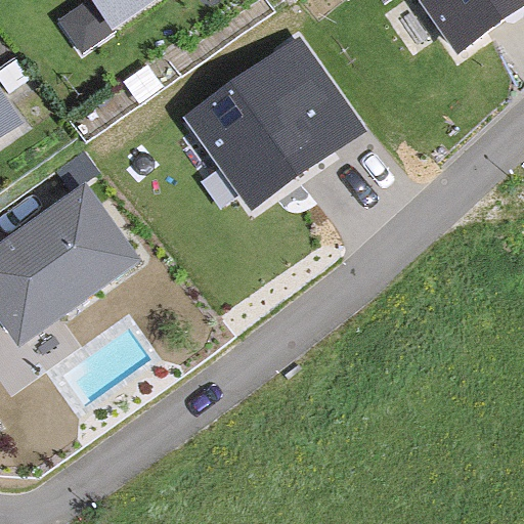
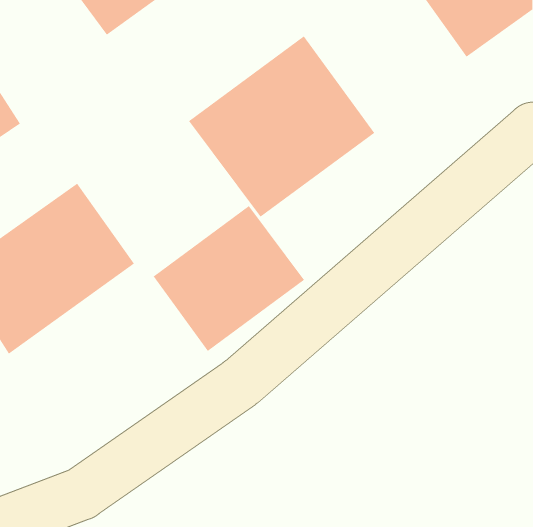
building: none -> [153,205,305,352]

